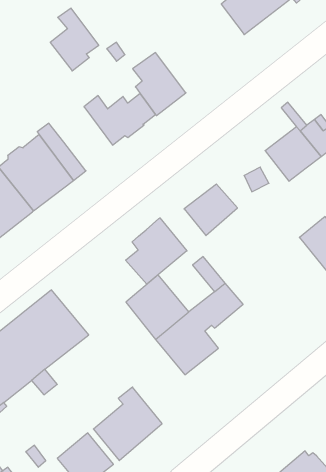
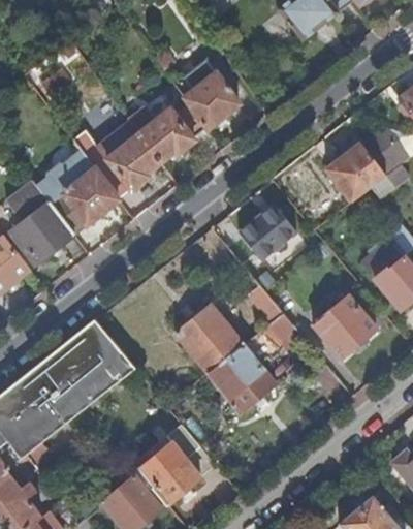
building: [50,8,99,71] -> [107,122,160,190]
building: [126,218,187,284] -> none
building: none -> [313,294,376,357]

